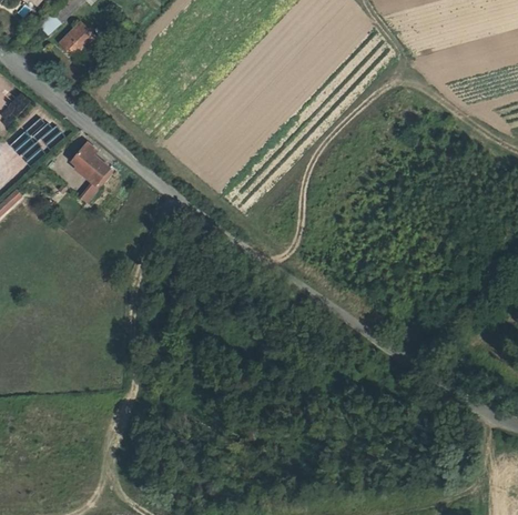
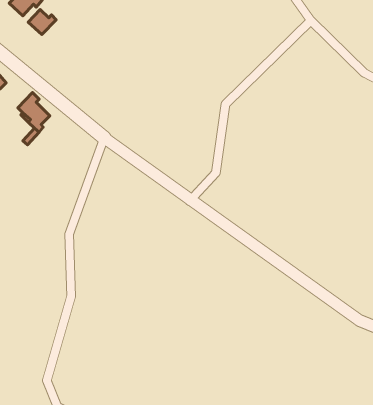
building: none -> [28,10,56,35]

